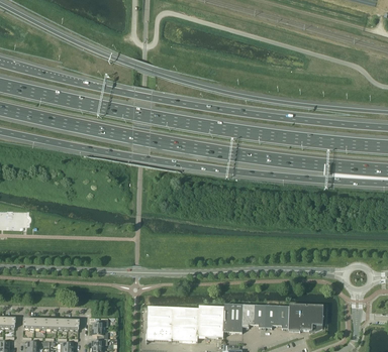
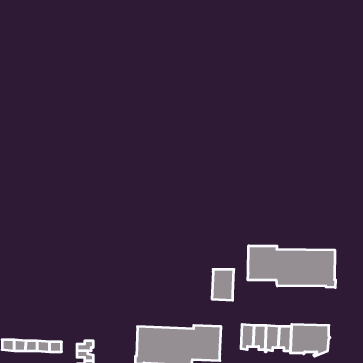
building: none -> [248,246,336,288]
building: [223,304,244,332] -> [212,269,234,300]

